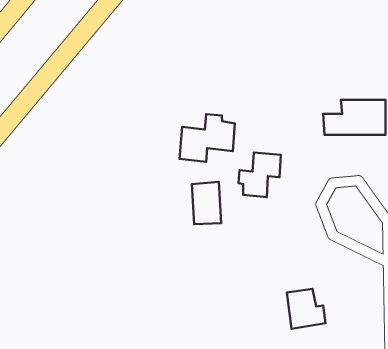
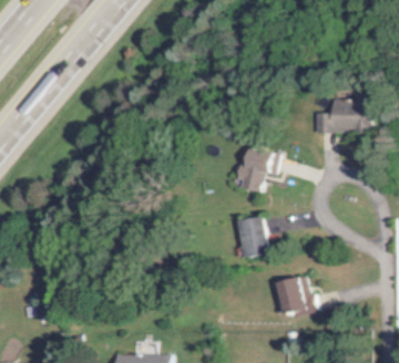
building: [179,114,235,162] -> none
building: [192,182,221,224] -> [239,216,267,256]

